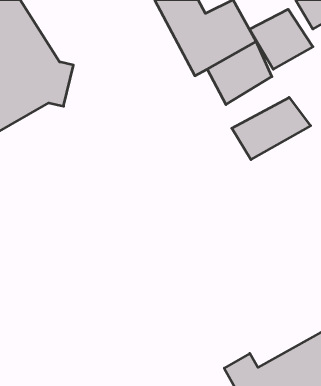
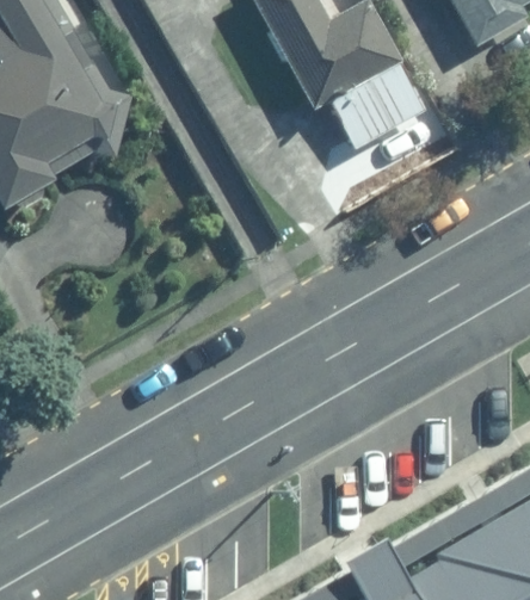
building: [250,9,313,69] -> none
building: [232,97,311,160] -> none

